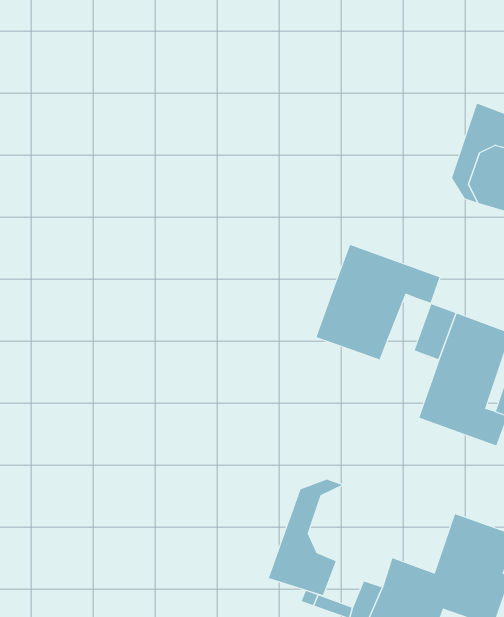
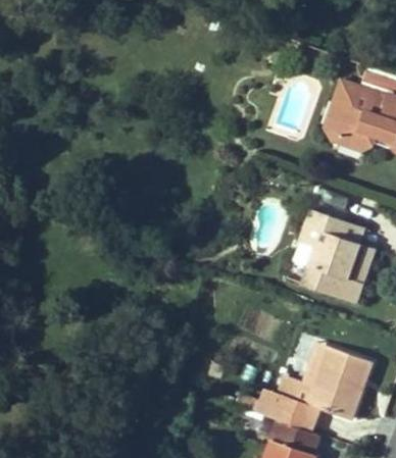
building: [316,244,440,360] -> none
building: [268,479,344,596] -> none

